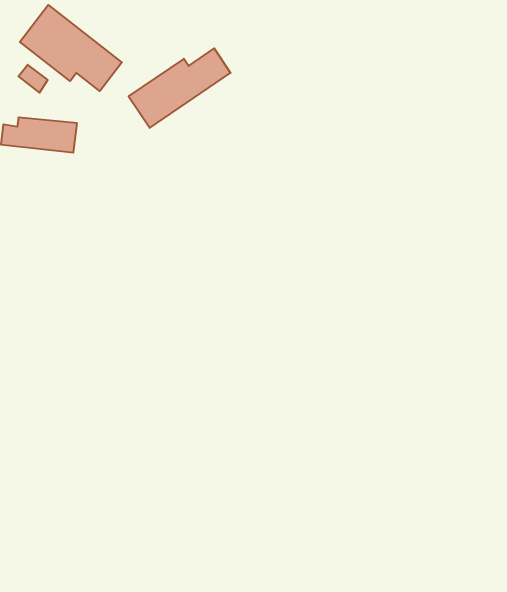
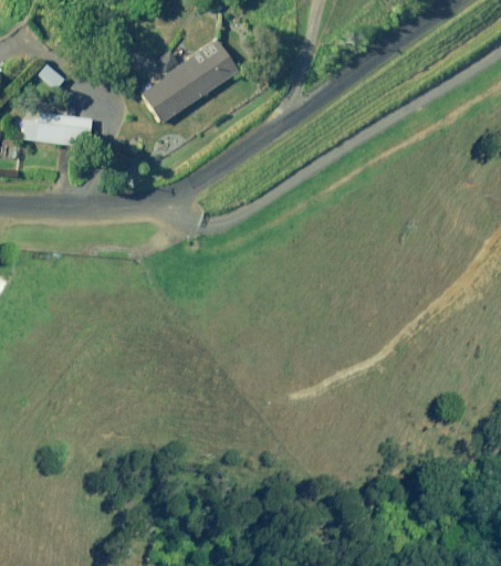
building: [20,5,122,91] -> none

